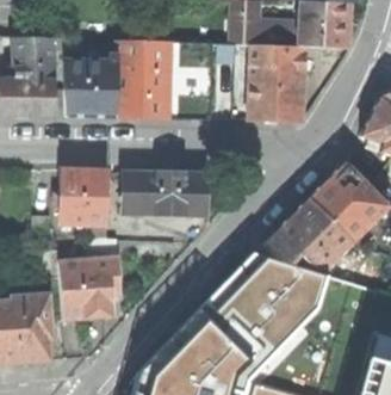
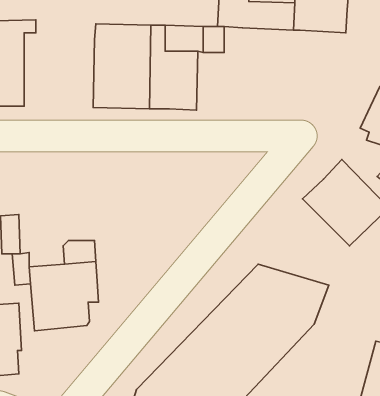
building: [248,43,304,121] -> none
building: [64,54,117,116] -> none
building: [60,168,108,223] -> none
building: [122,169,205,215] -> none
building: [260,199,349,269] -> none

